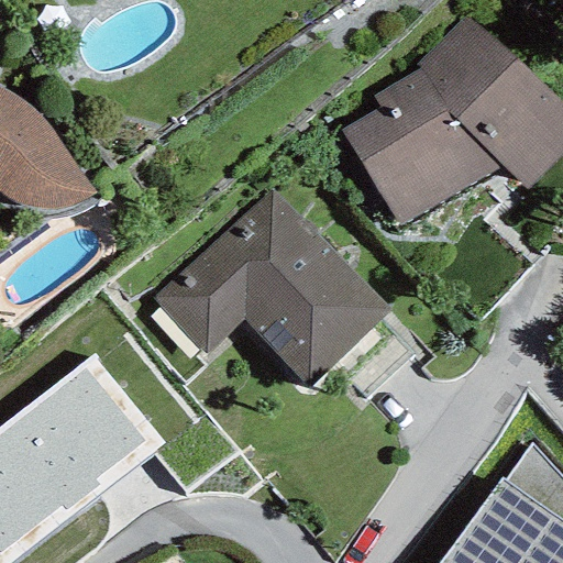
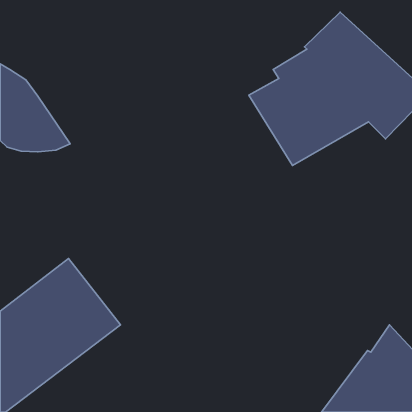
building: [152,187,388,386] -> none

